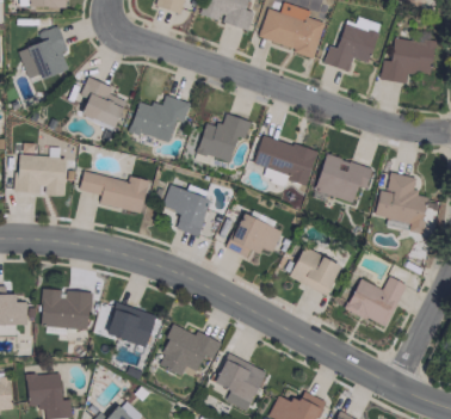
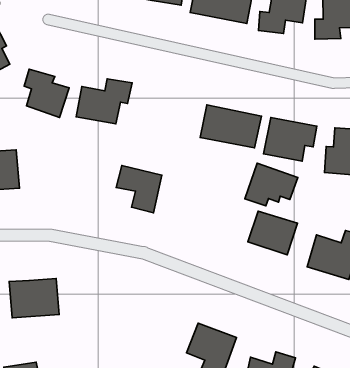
building: [198,115,251,162] -> none
building: [80,172,148,212] -> none
building: [227,212,283,257] -> [245,163,298,206]
building: [107,304,155,345] -> none
building: [157,325,221,380] -> none

